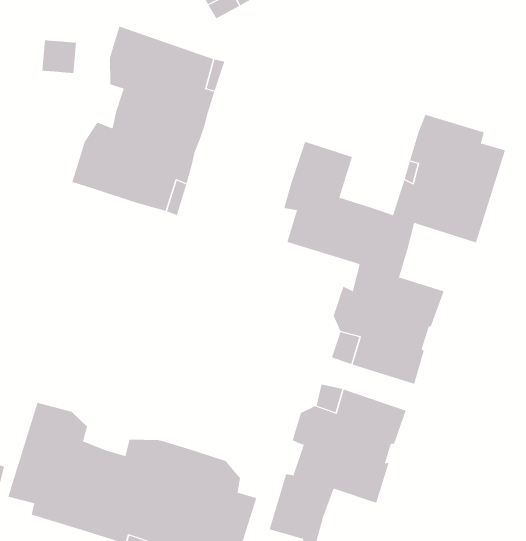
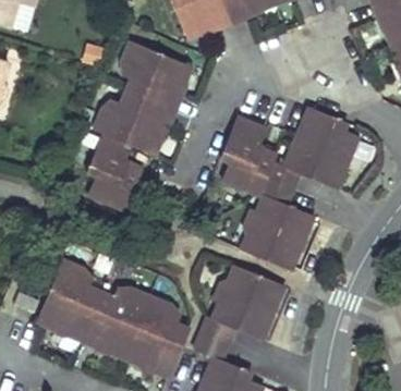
building: none -> [86,133,142,209]

